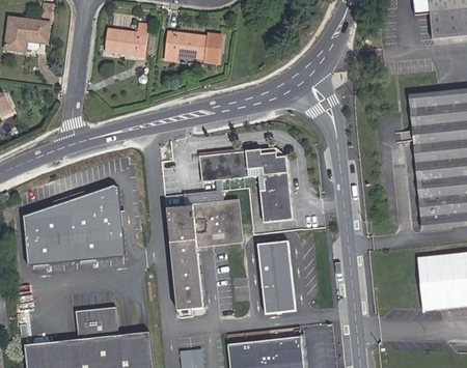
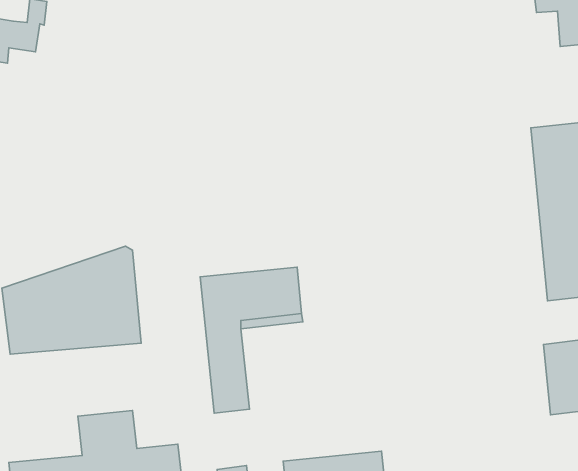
building: [104,23,147,56] -> none
building: [164,31,222,62] -> none
building: [198,149,292,224] -> none
building: [255,240,295,314] -> none

